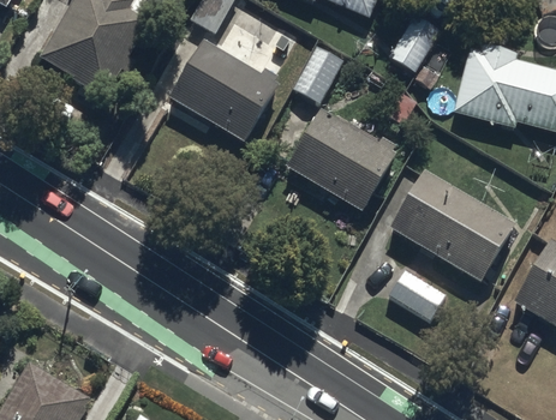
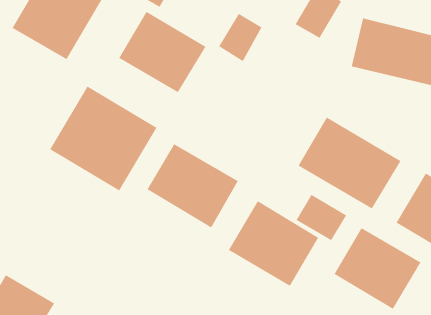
building: [283,108,397,214] -> [147,143,239,228]
building: none -> [49,85,157,192]
building: none -> [228,200,319,287]
building: none -> [333,227,421,310]

